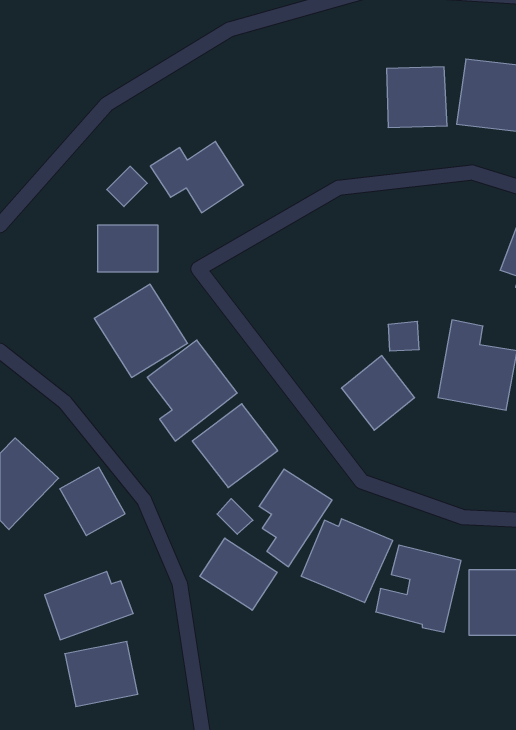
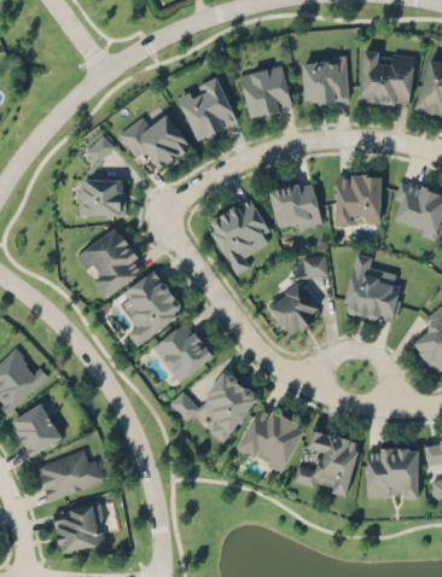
building: none -> [239,65,293,120]
building: none -> [176,77,239,141]
building: none -> [336,174,380,225]
building: none -> [268,180,322,231]
building: none -> [205,198,274,275]
building: [60,467,125,536] -> [11,403,62,456]
building: [200,538,277,610] -> none

